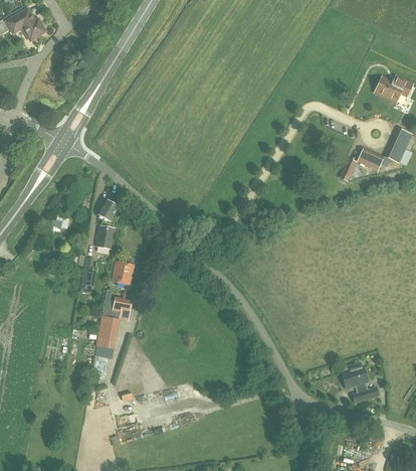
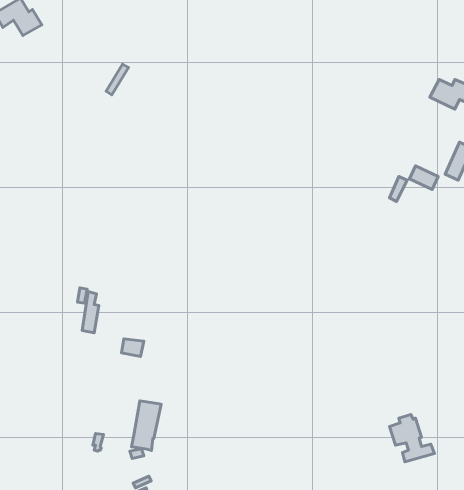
building: [95,198,119,248] -> none
building: [113,261,134,284] -> none
building: [94,315,120,357] -> [131,401,161,450]

